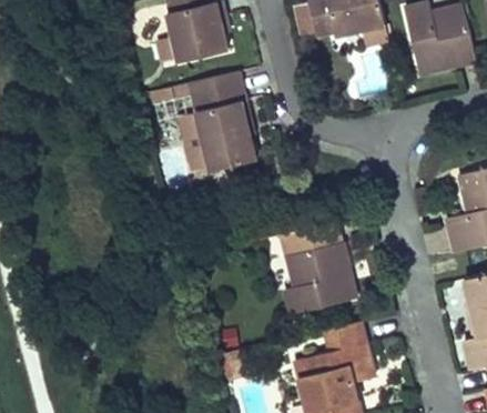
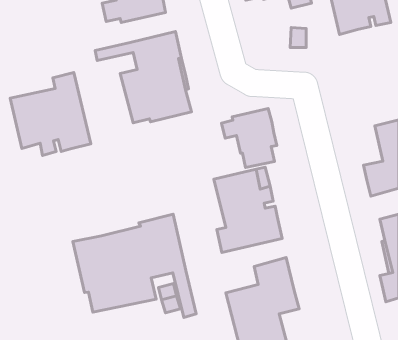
building: none -> [10,72,91,155]
building: none -> [222,108,277,167]
building: none -> [73,214,196,317]

